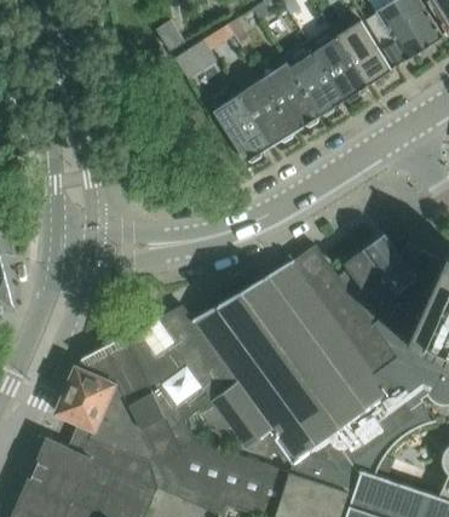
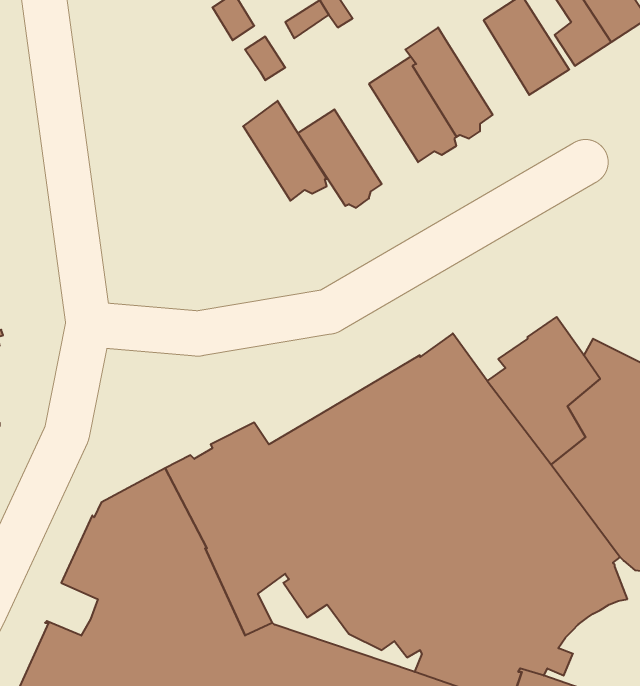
building: [310,38,364,103] -> none
building: [235,80,290,147] -> [243,101,327,201]

